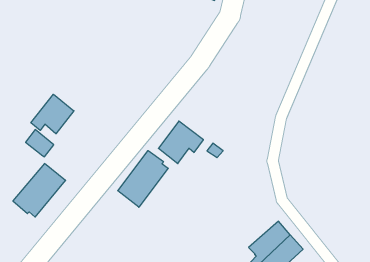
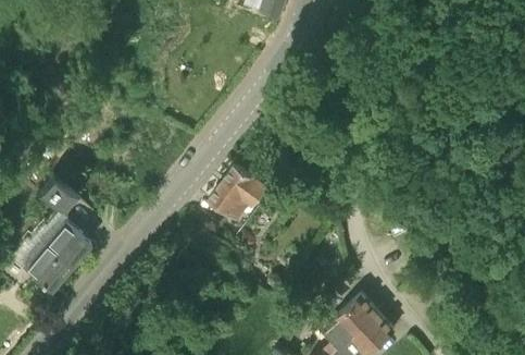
building: [31,94,74,134] -> none
building: [118,151,168,207] -> none

